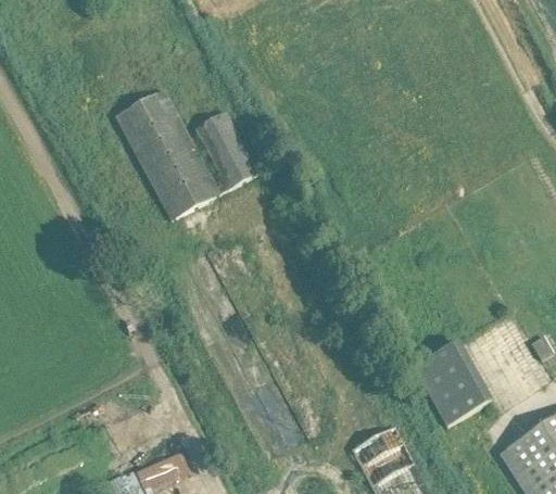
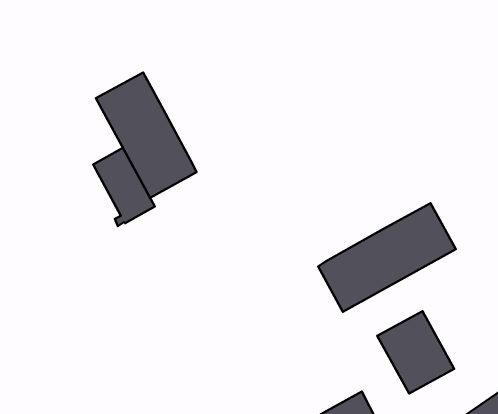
building: [194,110,260,192] -> [93,148,155,226]
building: none -> [318,203,456,312]

